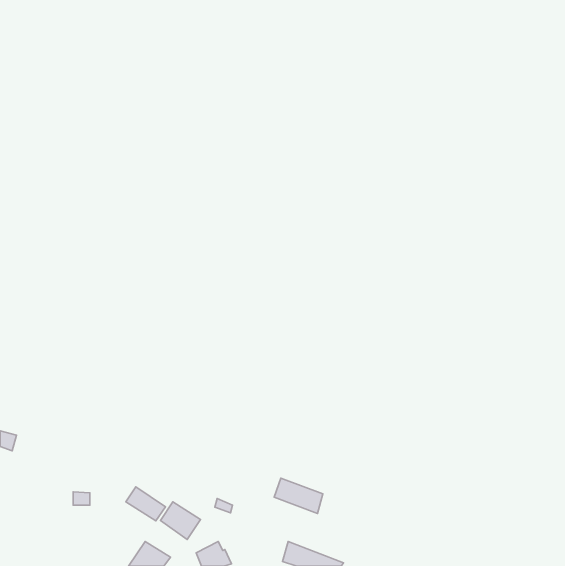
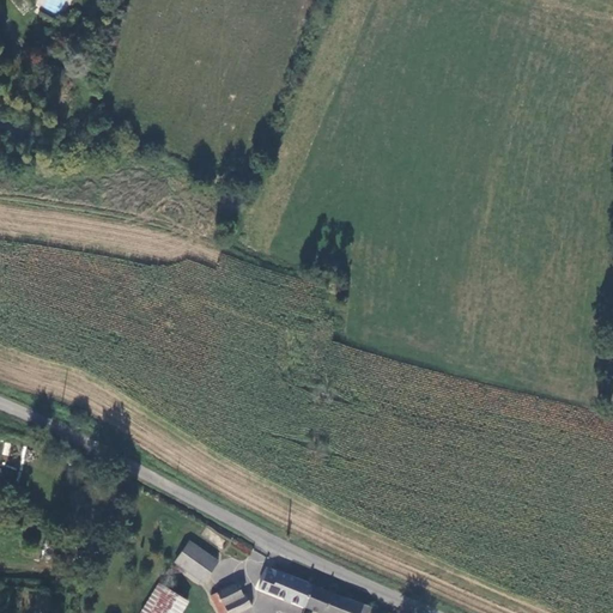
building: [274,478,323,514] -> [260,569,312,607]
building: [126,487,165,521] -> none

